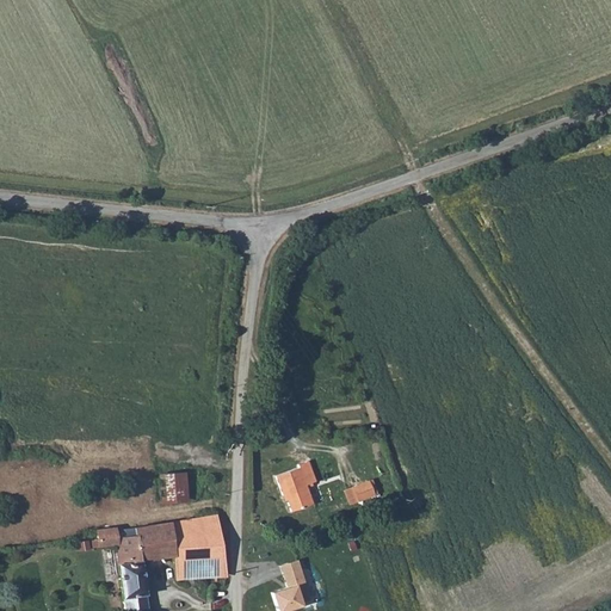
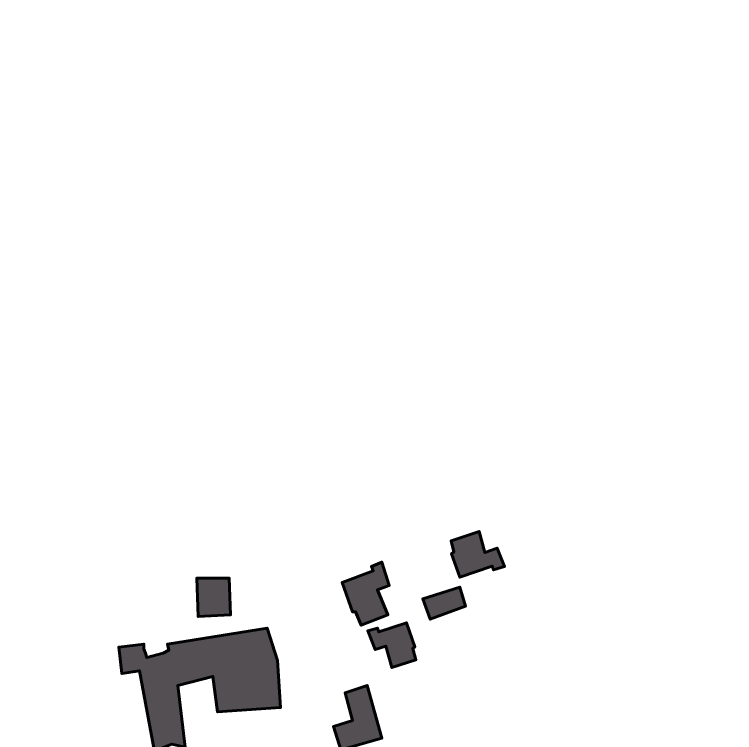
building: none -> [451,532,505,577]
building: none -> [368,623,416,667]

